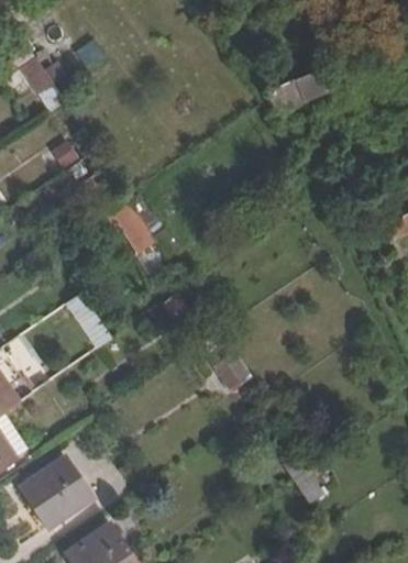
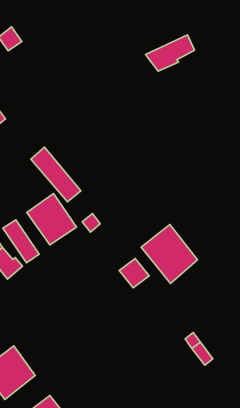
building: none -> [27,193,77,245]
building: none -> [141,224,198,283]

